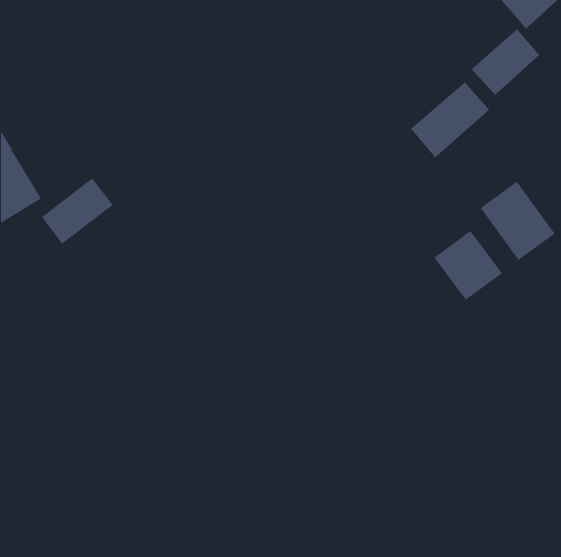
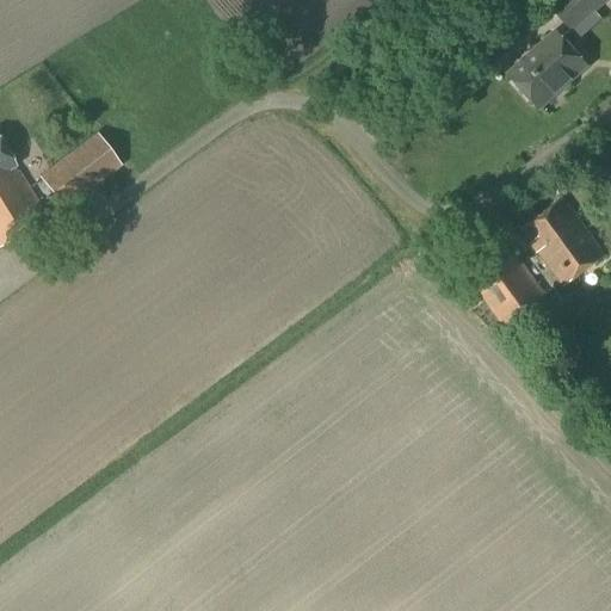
building: [410,82,490,158] -> none
building: [41,178,113,244] -> [41,132,119,205]

